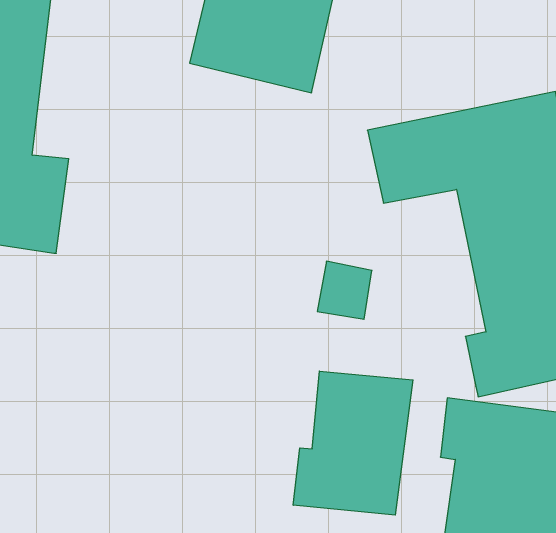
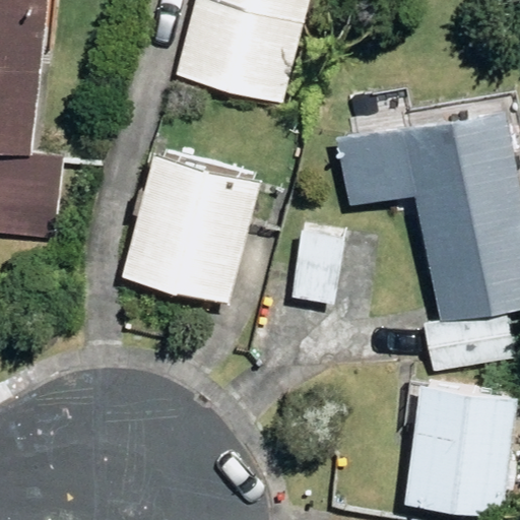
building: none -> [117,148,257,304]
building: [293,371,413,515] -> none

